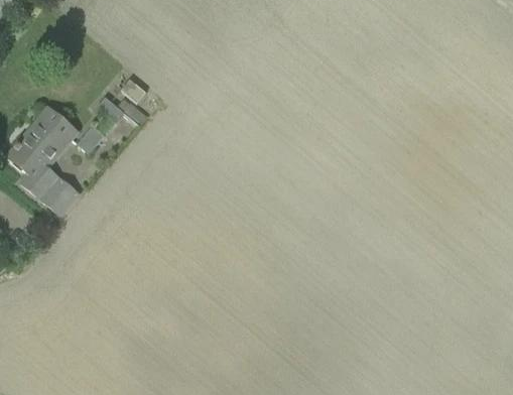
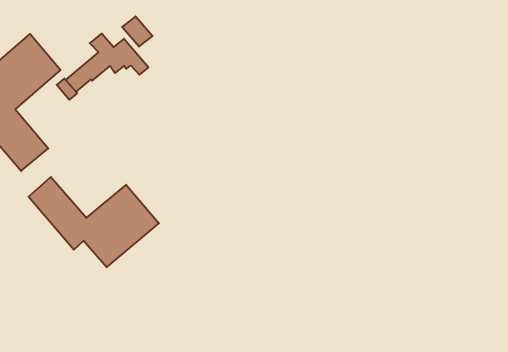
building: none -> [29,177,159,267]

